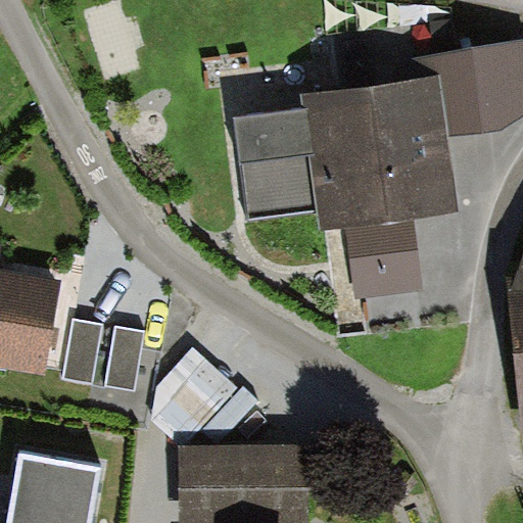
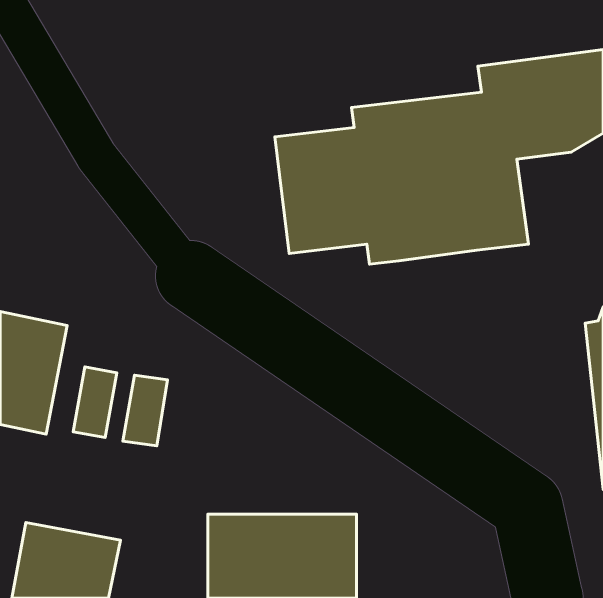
building: [345,217,422,299] -> none
building: [154,344,258,444] -> none

